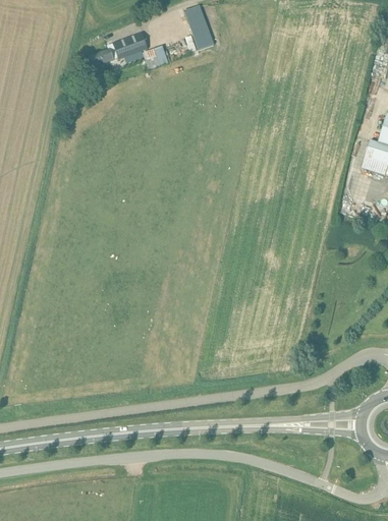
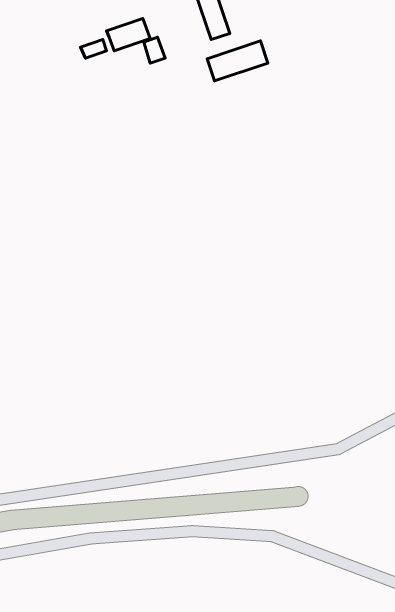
building: none -> [207,41,268,81]

